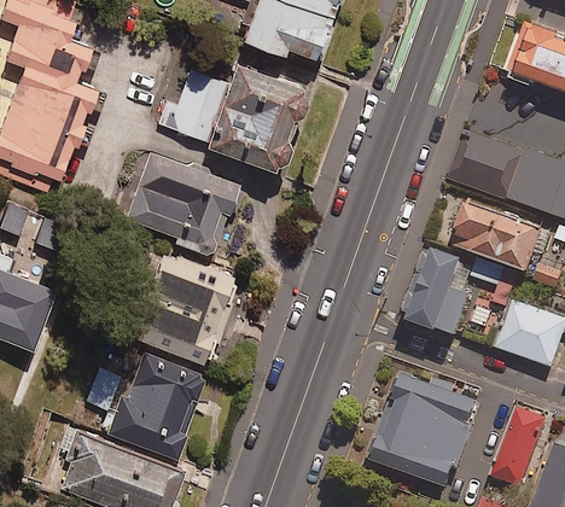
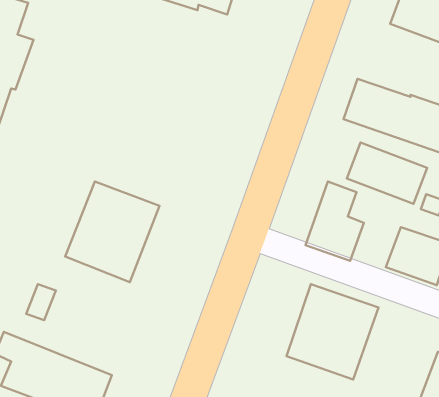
building: [157,63,307,171] -> none
building: [126,152,238,256] -> none
building: [107,354,205,456] -> none
building: [493,408,547,490] -> none

